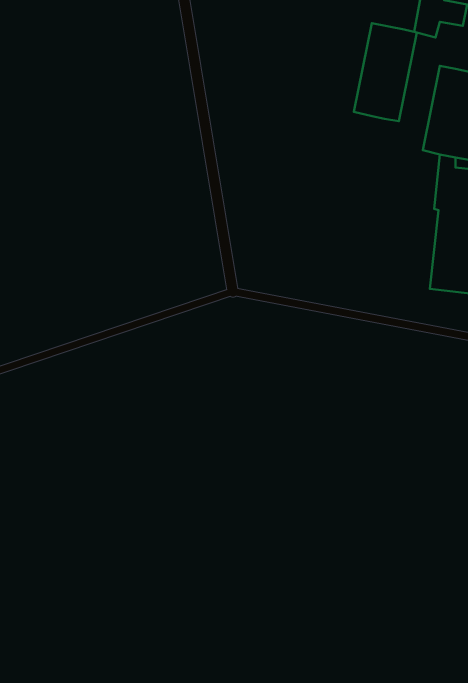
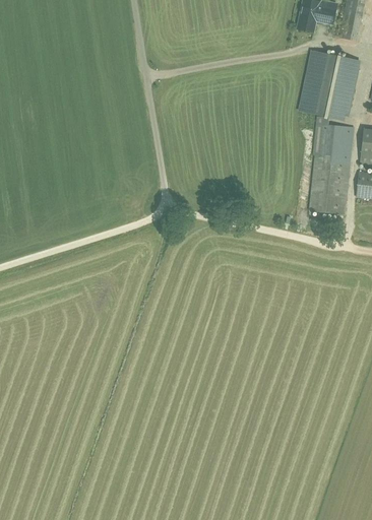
building: [354,23,417,121] -> none

